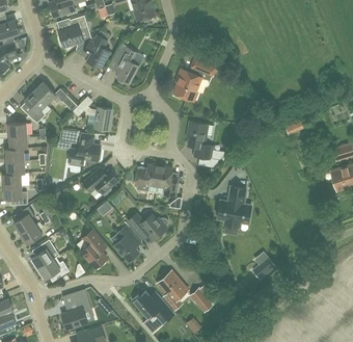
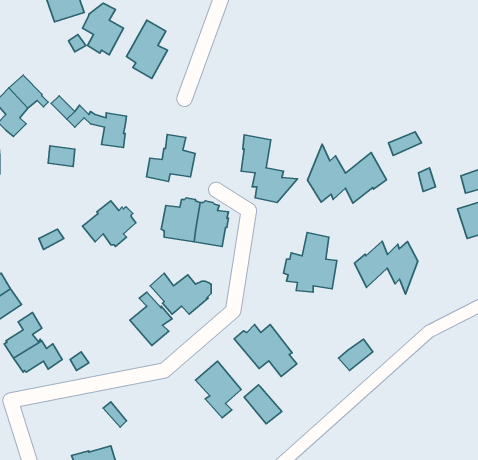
building: [173,69,200,100] -> none
building: none -> [308,144,387,203]
building: [67,133,100,164] -> [147,134,195,182]
building: none -> [355,241,418,294]
building: [81,230,106,269] -> none
building: [131,290,172,324] -> [234,325,297,376]
building: [61,297,90,328] -> none

